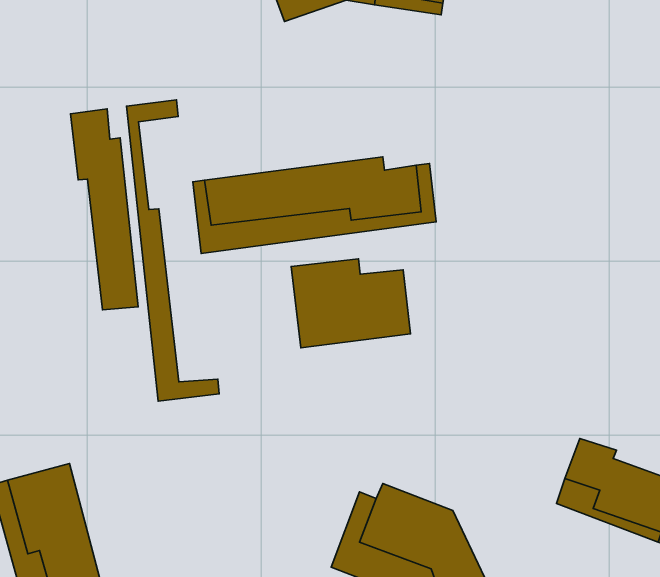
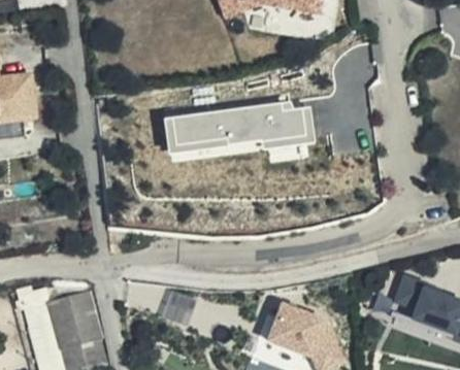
building: [127,100,219,401] -> none
building: [71,109,138,310] -> none
building: [291,259,410,348] -> none

